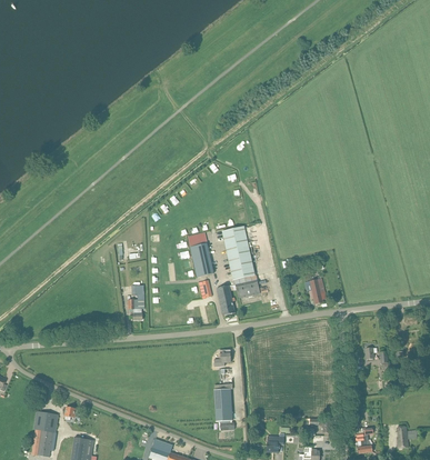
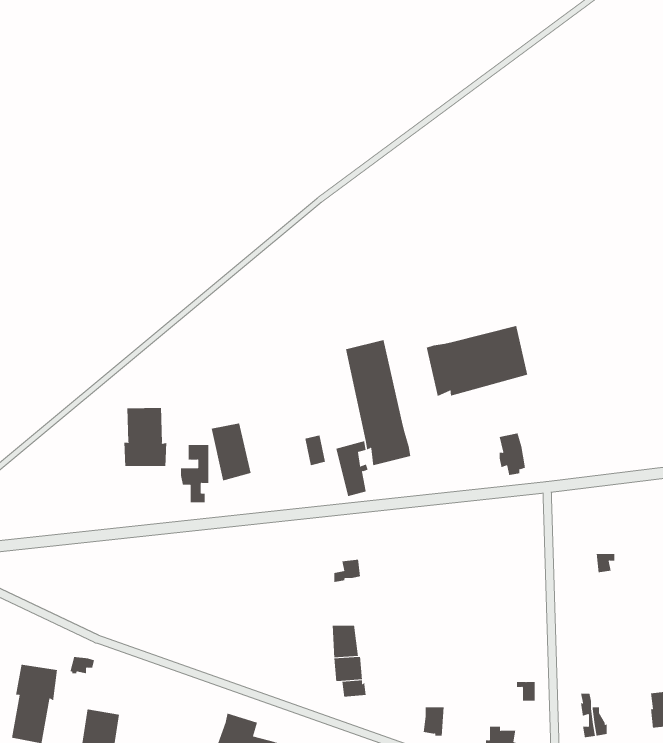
building: none -> [426,325,528,397]
building: [190,243,213,277] -> [211,423,252,481]
building: none -> [124,407,167,467]

